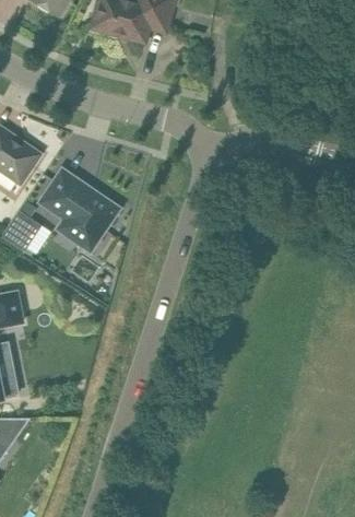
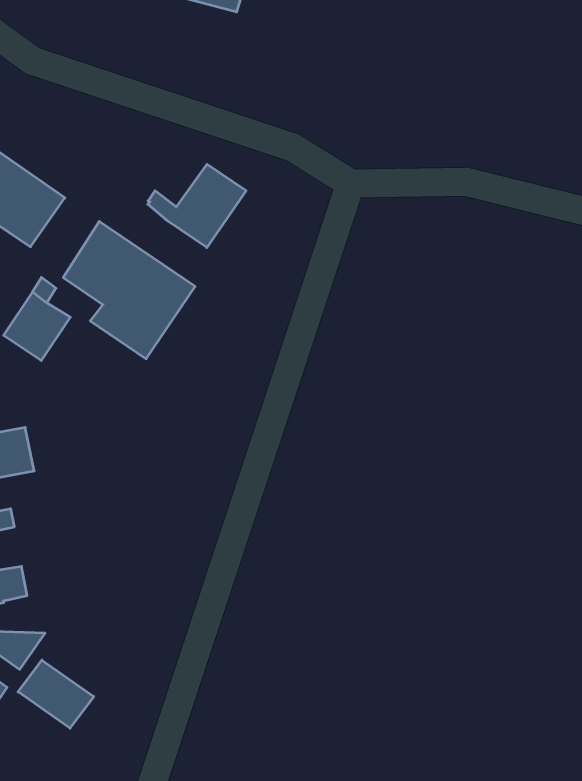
building: none -> [148,164,246,248]
building: none -> [18,660,94,728]

